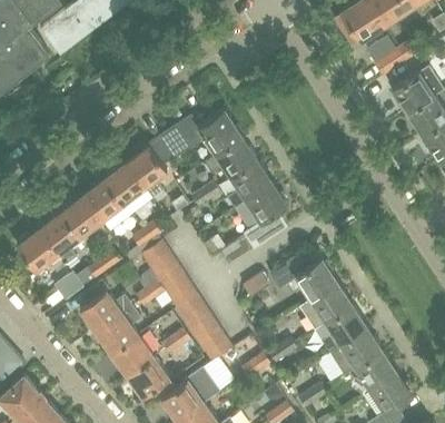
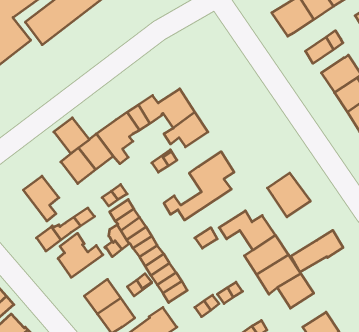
building: [228,160,273,209] -> none
building: [60,196,102,238] -> [54,118,89,153]
building: none -> [267,173,310,217]
building: [16,229,66,273] -> none
building: none -> [291,230,343,272]
building: [95,306,140,355] -> none
building: [355,352,397,392] -> none

